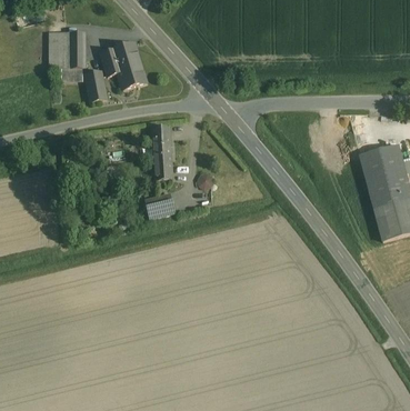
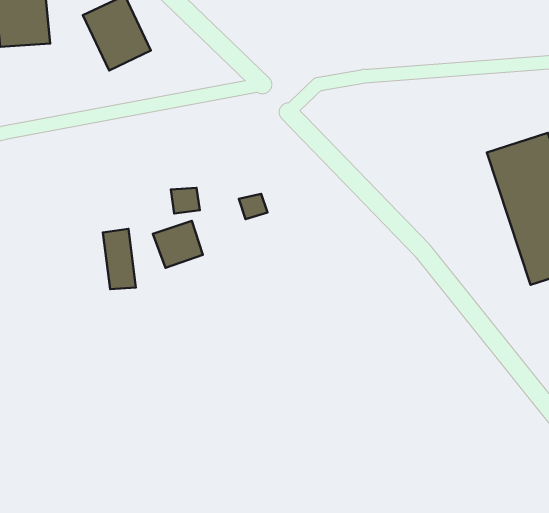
building: [86,70,111,103] -> none
building: [152,128,171,166] -> [103,229,136,289]

